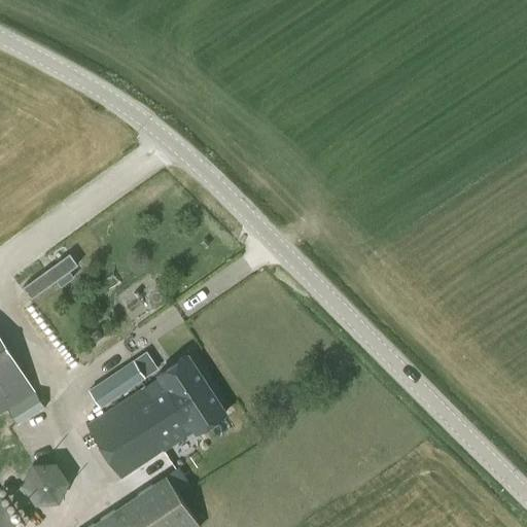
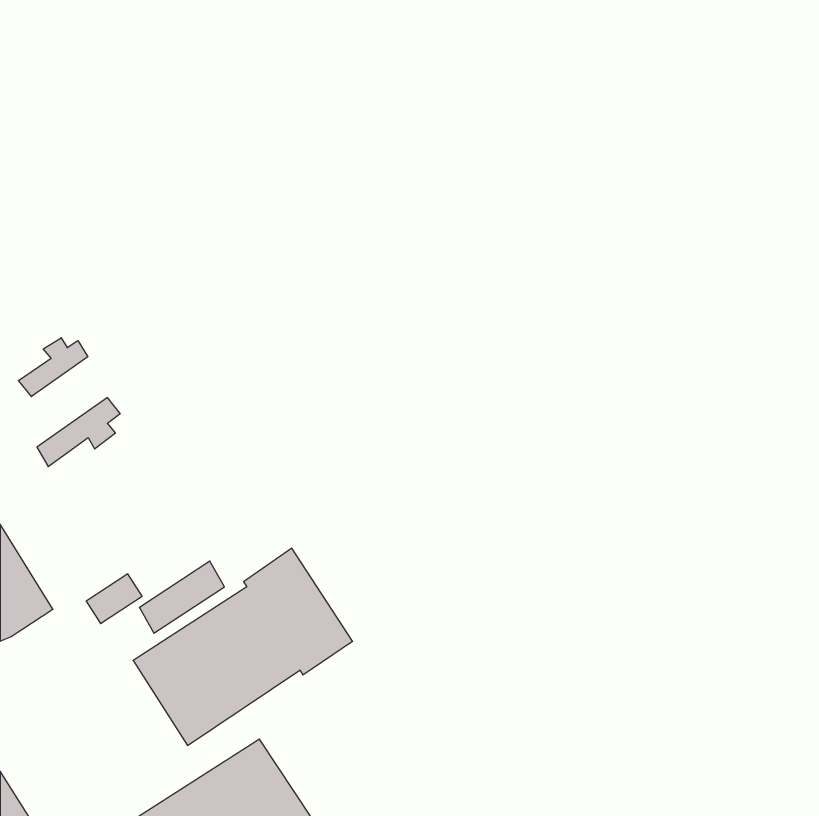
building: none -> [18,338,88,397]
building: [7,393,43,425] -> [86,574,142,624]
building: [22,458,71,506] -> none

